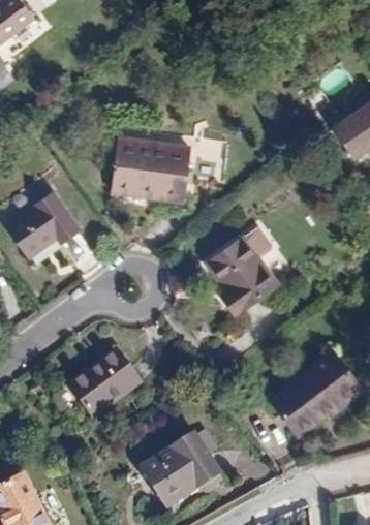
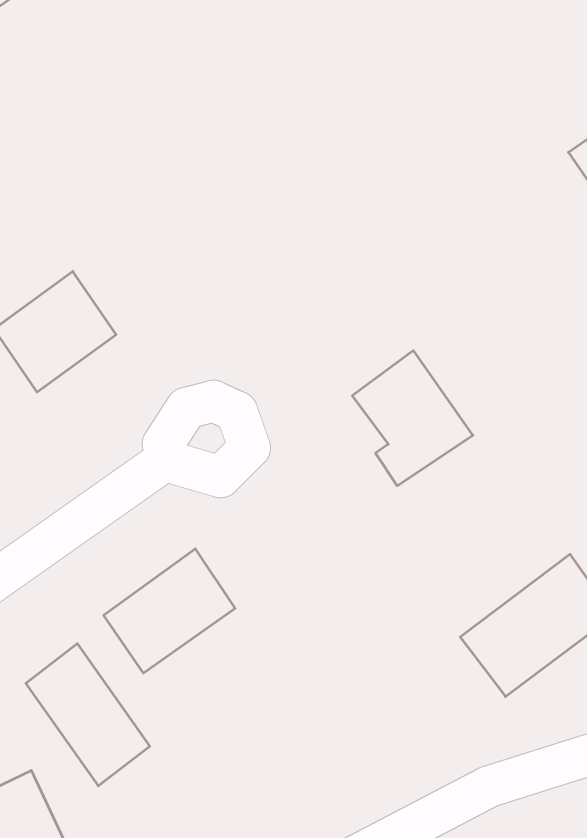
building: [111,140,190,202] -> none
building: none -> [26,644,150,786]
building: [142,438,219,511] -> none

